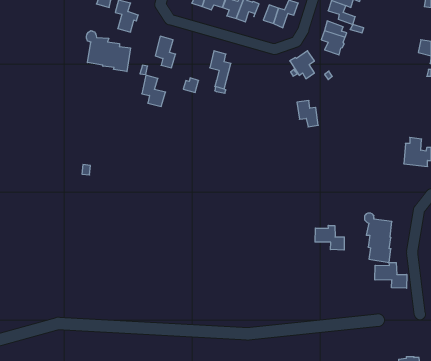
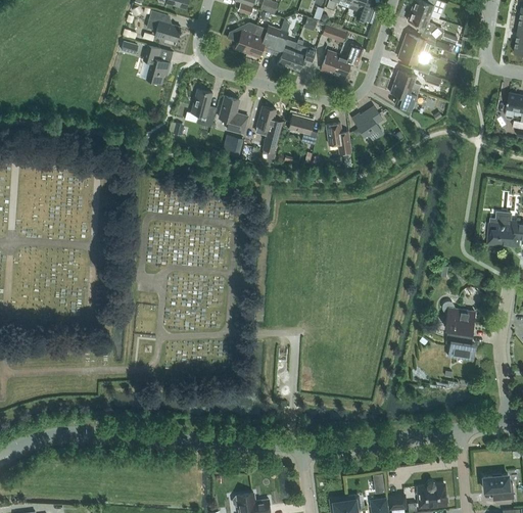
building: [86,31,130,72] -> none
building: none -> [289,113,318,144]
building: [142,75,166,106] -> [220,95,248,133]
building: [297,101,318,127] -> [326,122,351,153]
building: [315,225,344,250] -> none
building: [375,262,407,288] -> none

